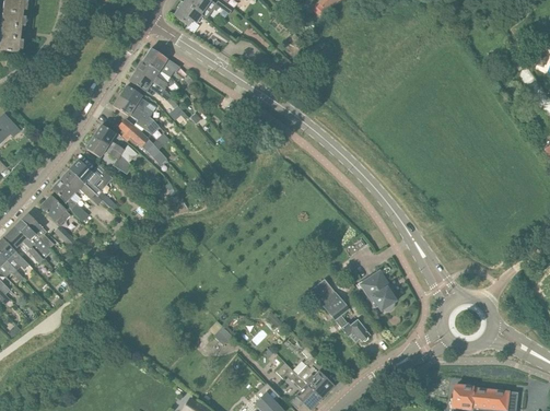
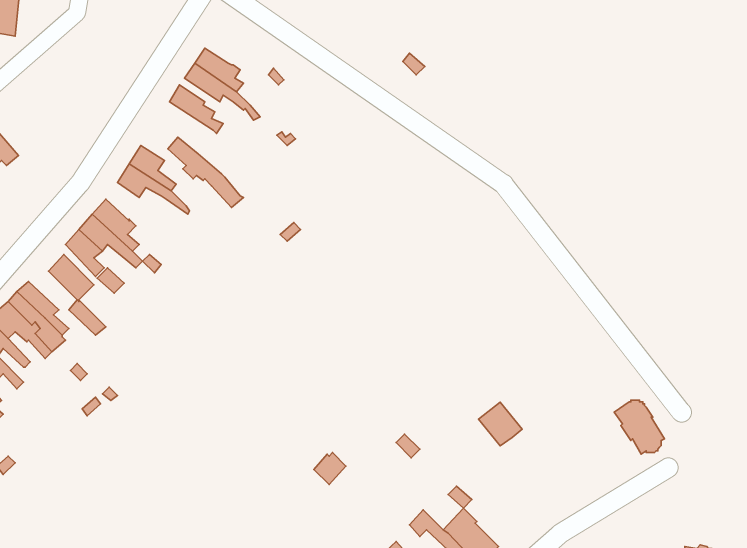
building: [142,47,179,75] -> none
building: [113,95,160,136] -> none
building: [363,275,396,310] -> [614,400,665,454]
building: [335,314,368,342] -> none

